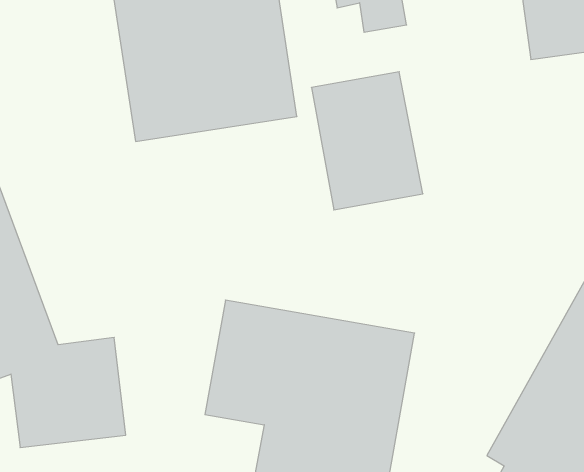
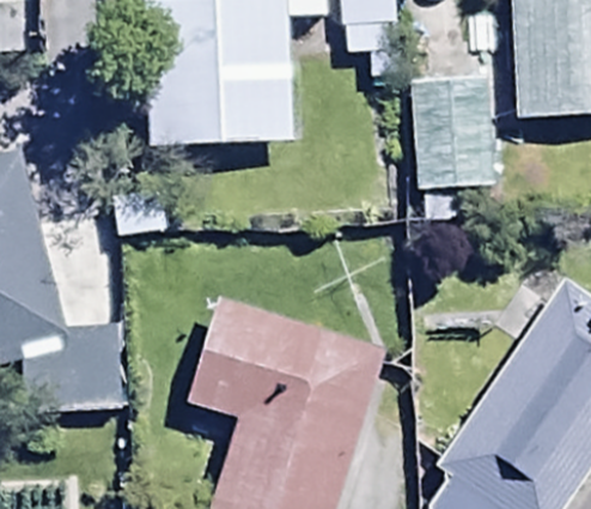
building: [311,72,423,210] -> [410,75,499,192]

